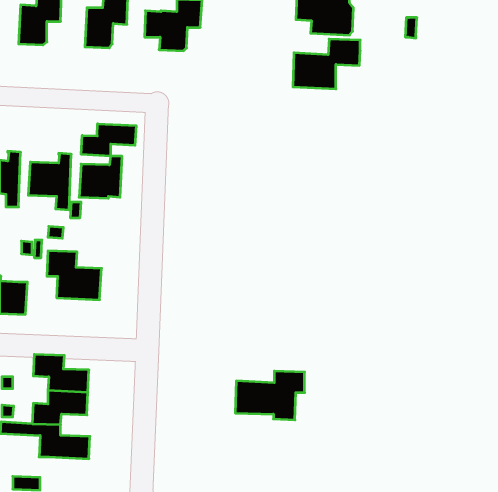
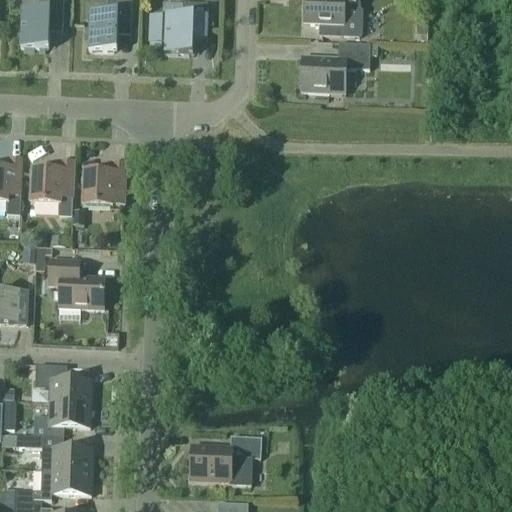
building: [81,124,136,156] -> none
building: [235,371,305,420] -> [189,434,260,484]
building: none -> [49,468,91,493]

